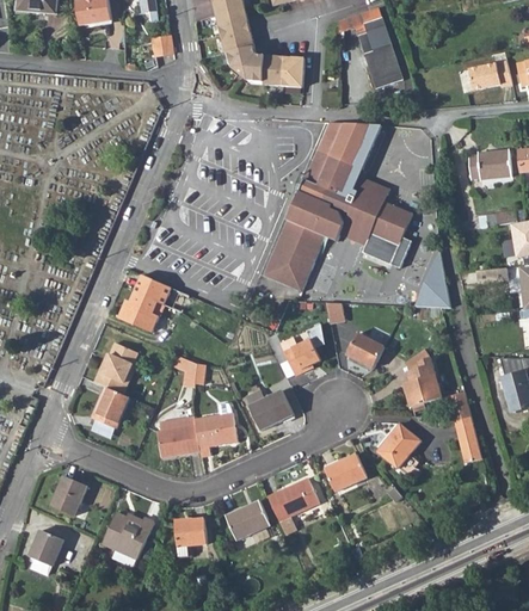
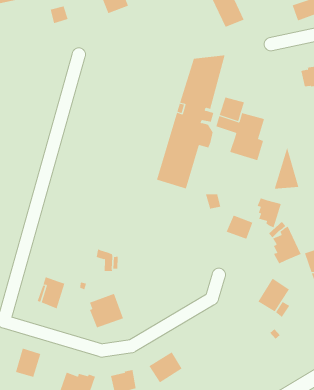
building: [224,43,306,86] -> none
building: [340,214,374,246] -> none
building: [118,274,189,332] -> none
building: none -> [257,198,281,228]
building: [281,322,324,375] -> none
building: [94,340,137,393] -> none
building: [241,390,290,431] -> none
building: [191,400,236,455] -> none
building: [326,455,369,493] -> none
building: [266,479,320,536] -> none

